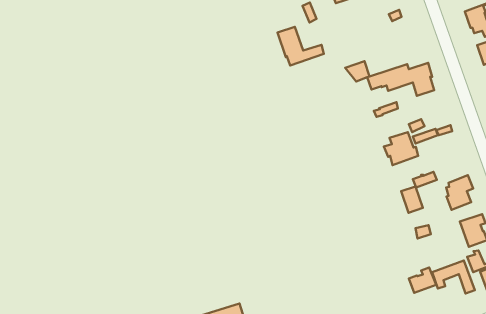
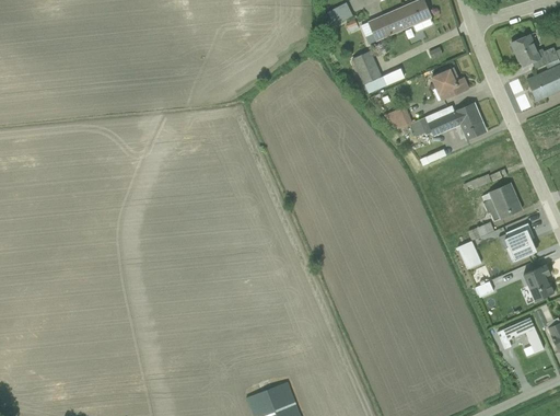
building: [278,27,324,65] -> [352,50,405,93]
building: none -> [430,66,469,101]
building: [384,132,418,165] -> [483,184,522,221]
building: [409,268,436,293] -> none

